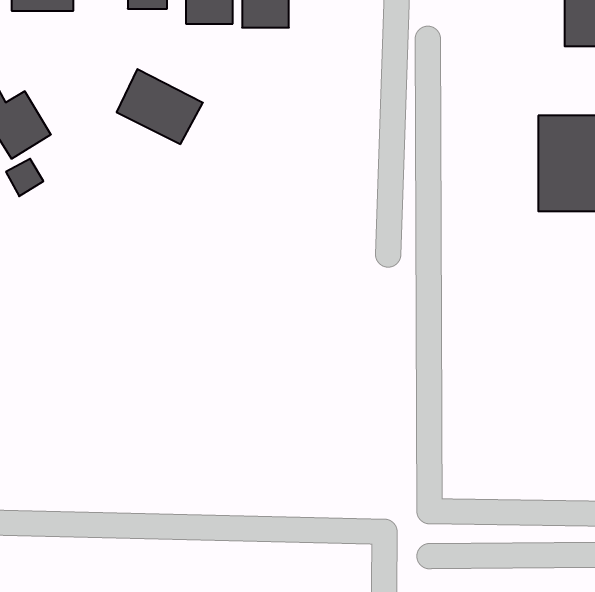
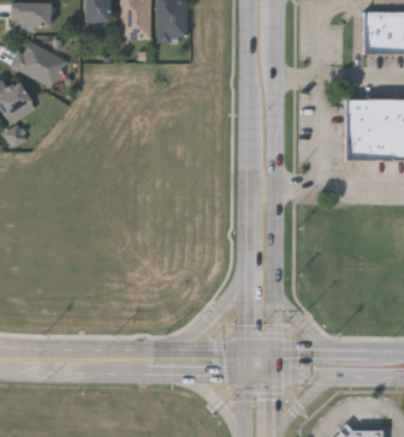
building: [117,69,203,144] -> [12,38,67,86]

